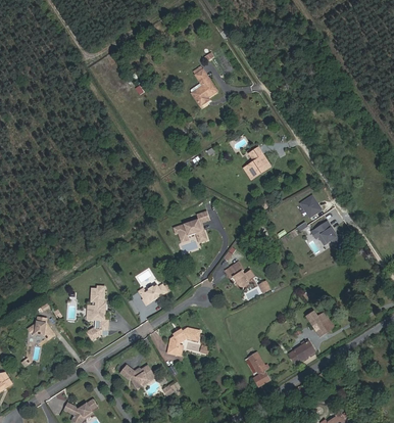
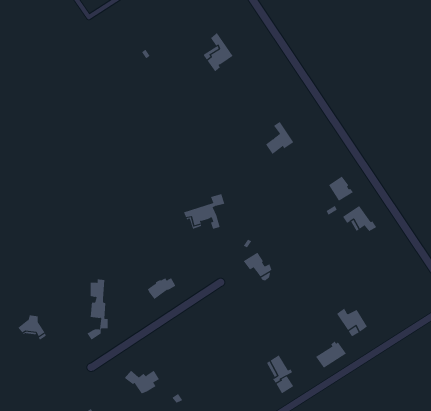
building: [167,327,200,355] -> none

